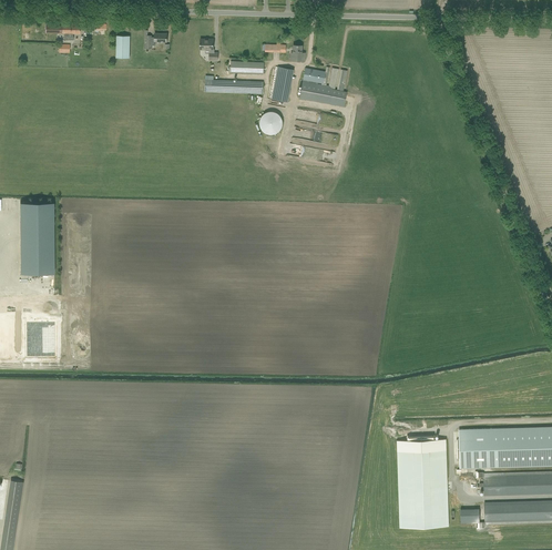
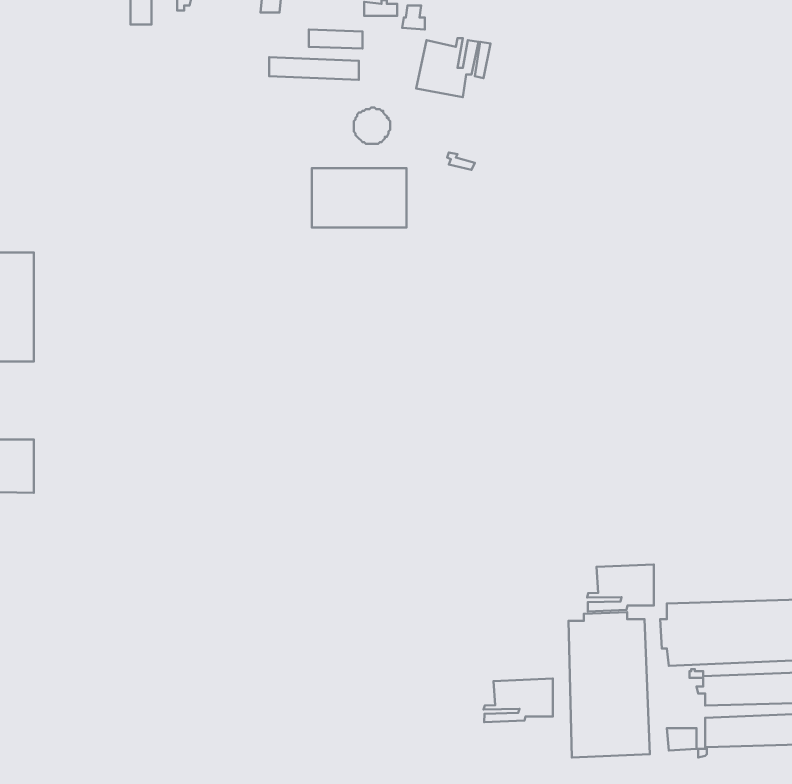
building: [272,67,294,102] -> none
building: none -> [312,168,406,227]
building: none -> [587,565,654,611]
building: none -> [484,679,553,722]

